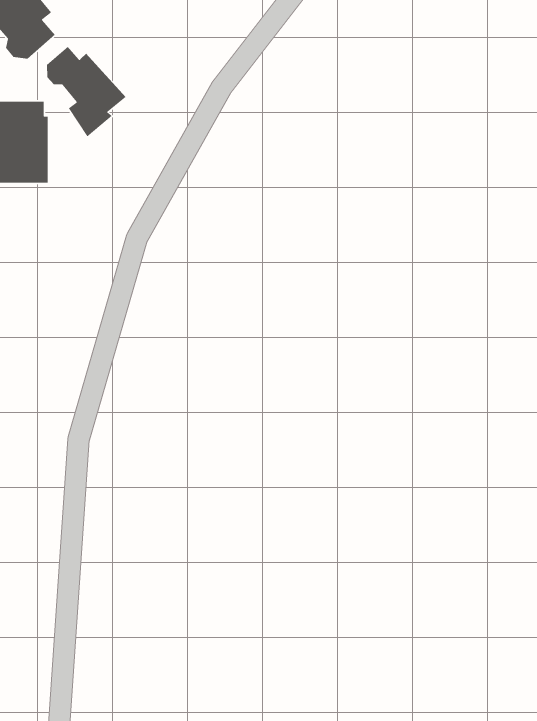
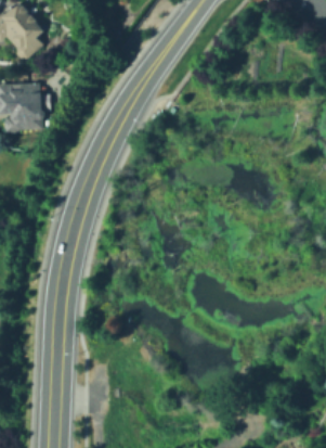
building: [46,46,126,137] -> none

